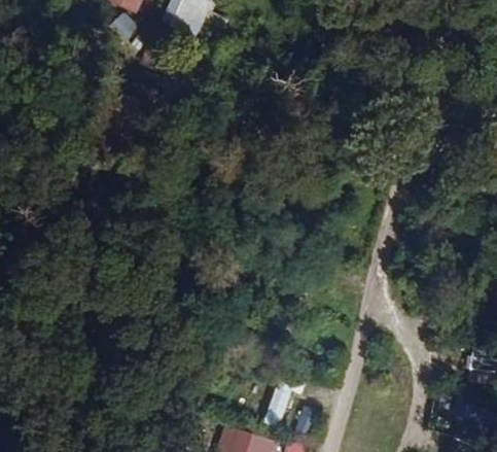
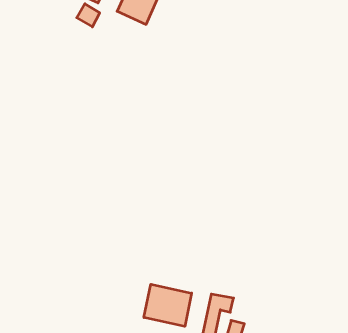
building: none -> [144,284,192,326]

